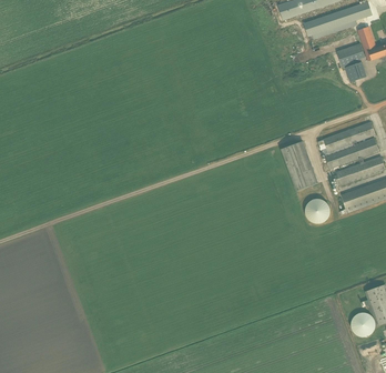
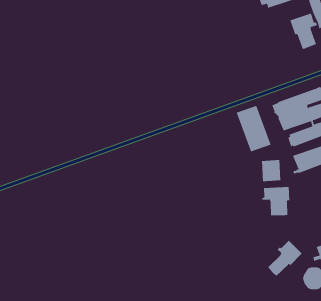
building: none -> [262,186,290,216]
building: none -> [267,240,303,277]

